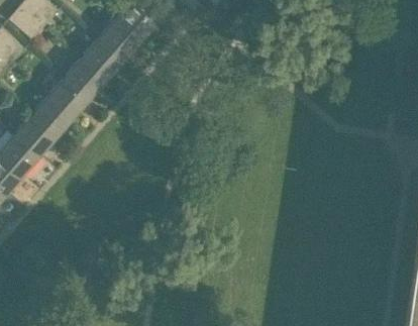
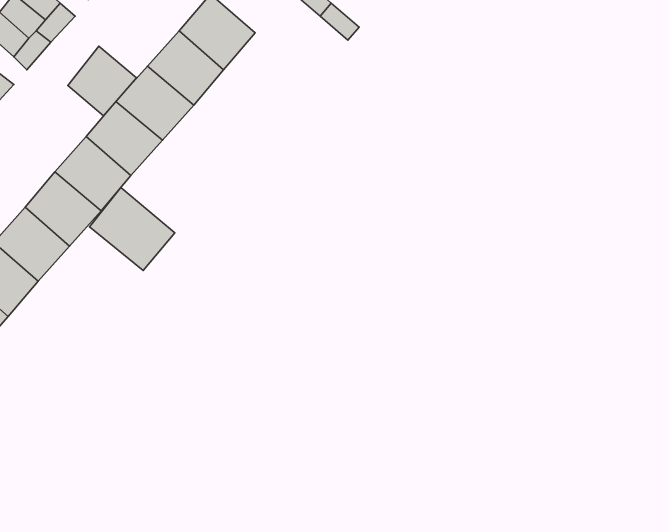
building: none -> [68,46,136,116]
building: none -> [90,187,175,271]

